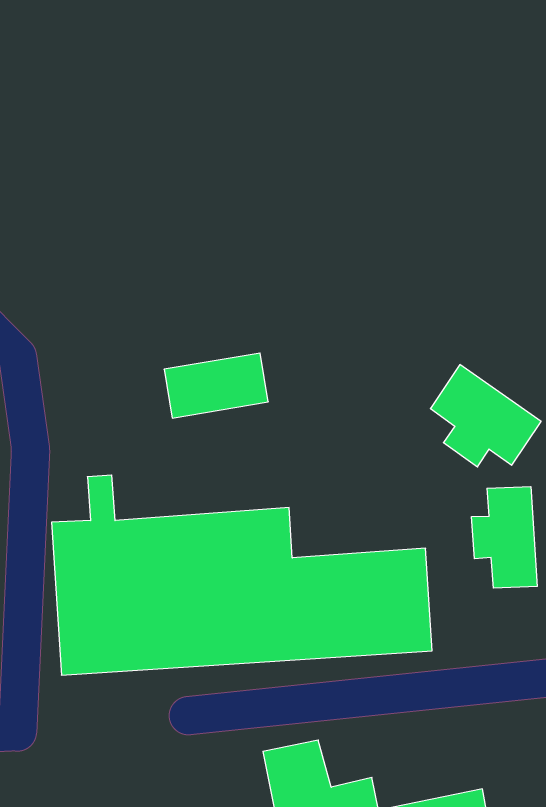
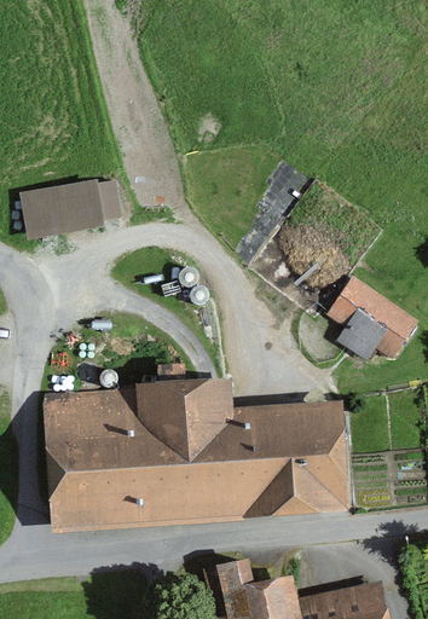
building: [164,353,268,418] -> [24,184,102,232]
building: [472,487,537,588] -> none

